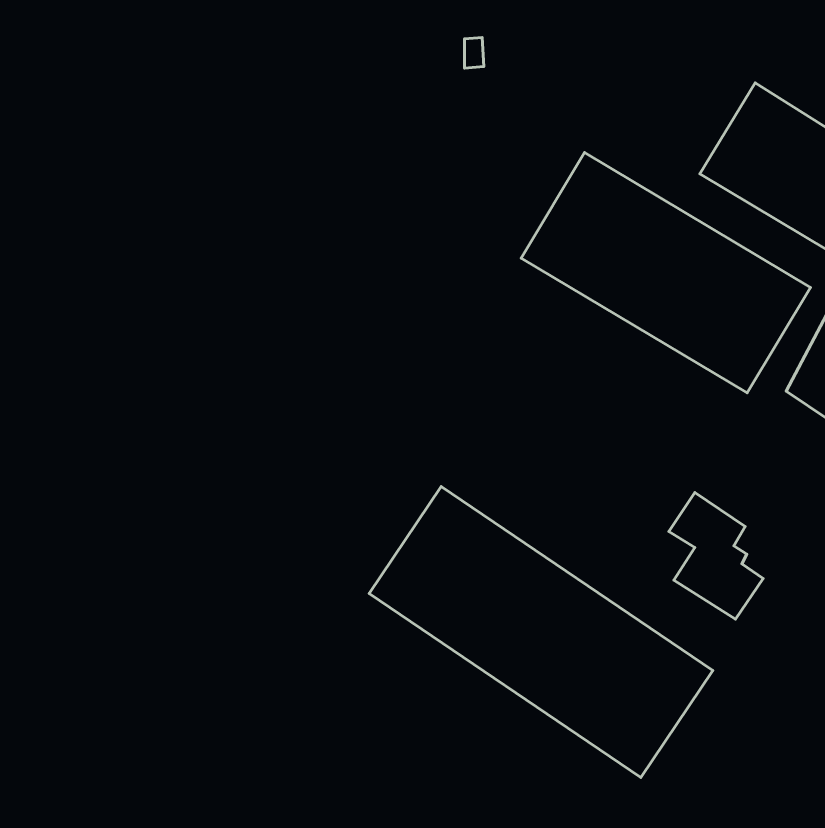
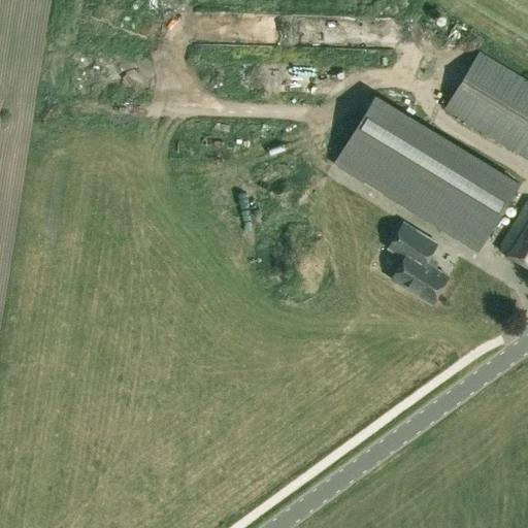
building: [369,487,713,778] -> none
building: [669,492,763,619] -> [393,222,453,302]

